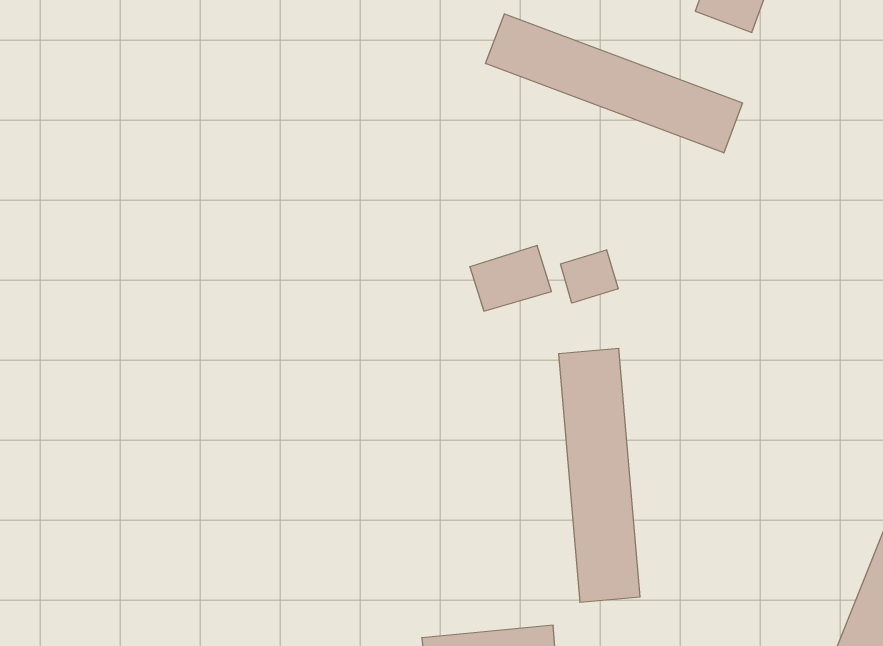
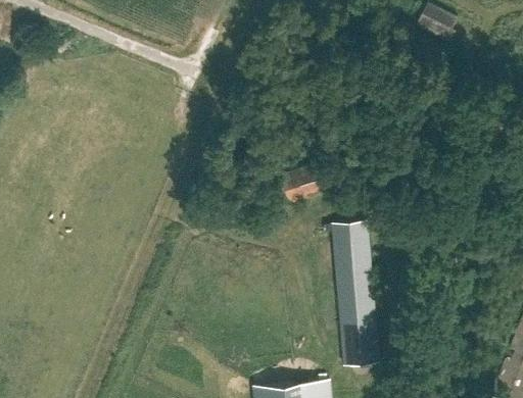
building: [486,14,743,153] -> none
building: [560,250,618,303] -> none

